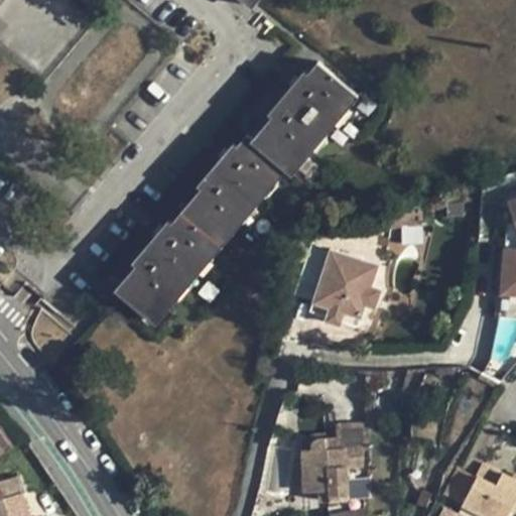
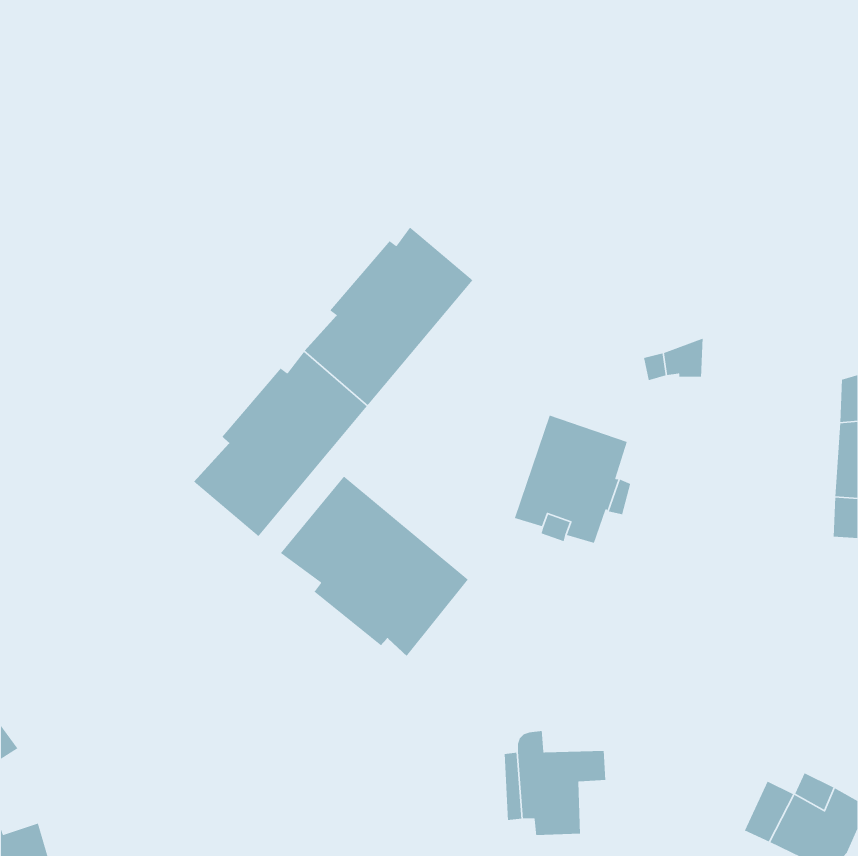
building: [252,63,357,174] -> none
building: none -> [280,476,469,657]
building: [326,425,367,453] -> none

